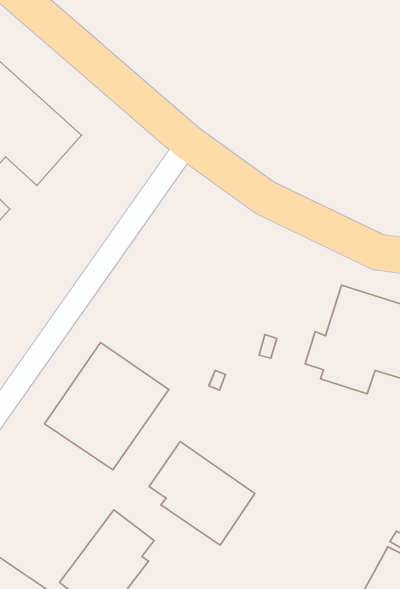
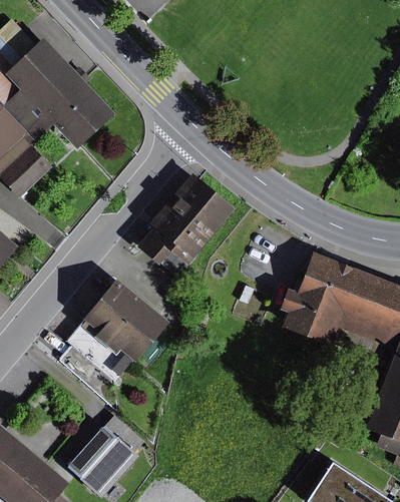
building: none -> [136,172,235,267]
building: [149,442,255,545] -> none

